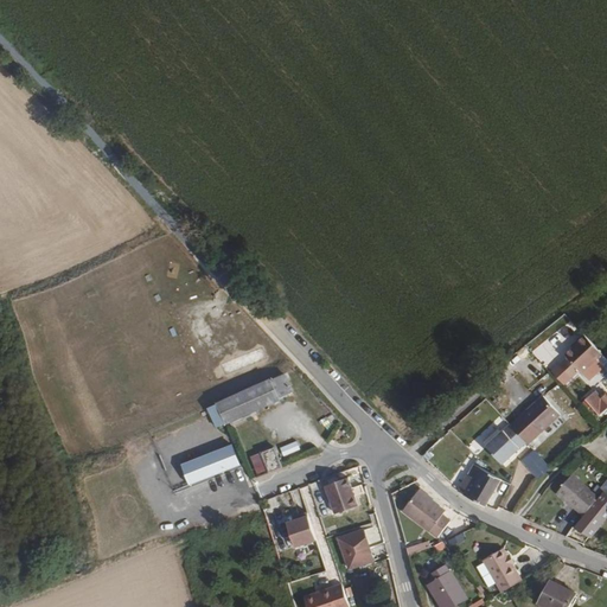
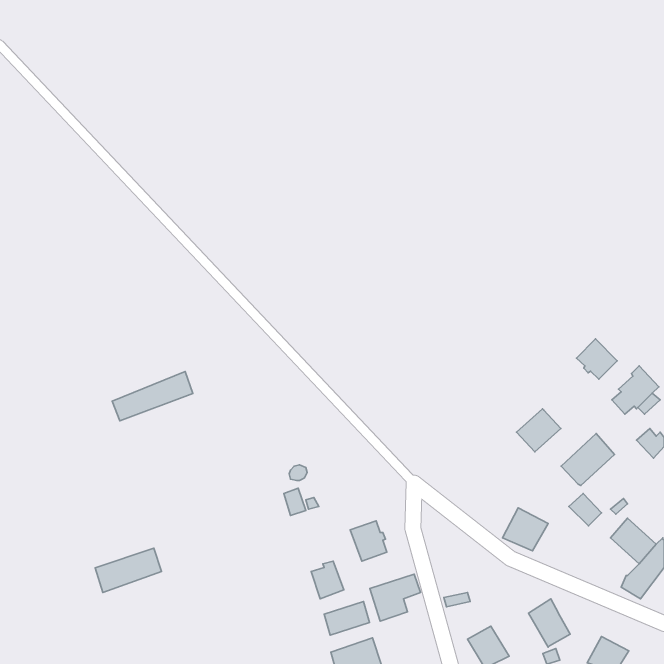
building: none -> [577,339,617,379]
building: [216,375,289,420] -> [112,371,193,421]
building: [486,424,526,464] -> [516,409,561,452]
building: [175,447,236,487] -> [95,548,162,592]
building: [401,488,448,536] -> none
building: none -> [324,602,370,635]

